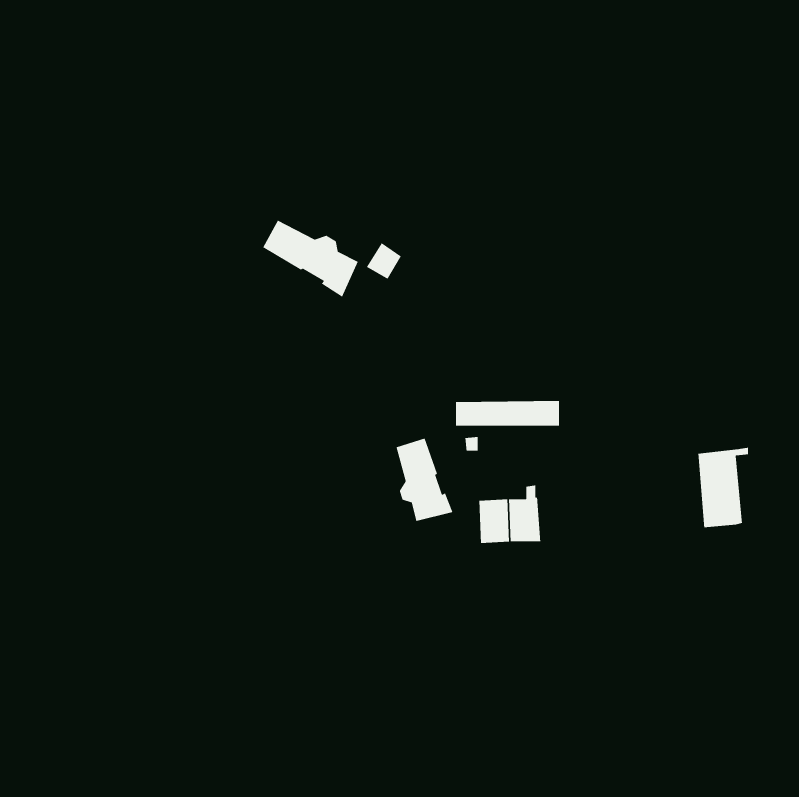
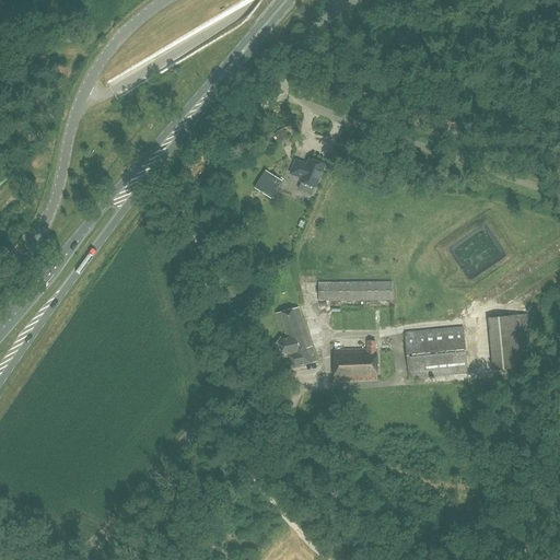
building: [262,219,359,298] -> none
building: none -> [290,156,325,186]
building: none -> [405,326,467,377]

